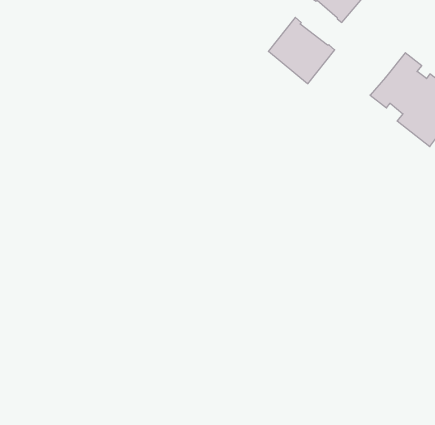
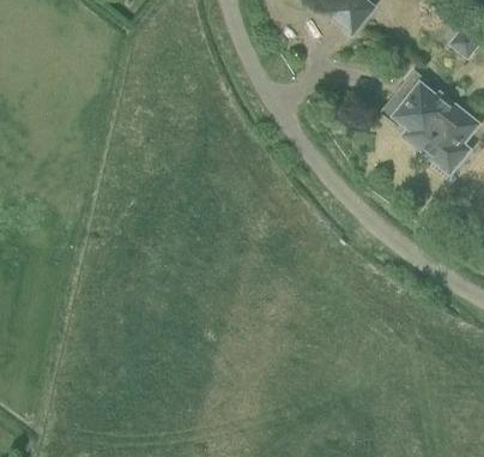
building: [268,17,335,84] -> none

